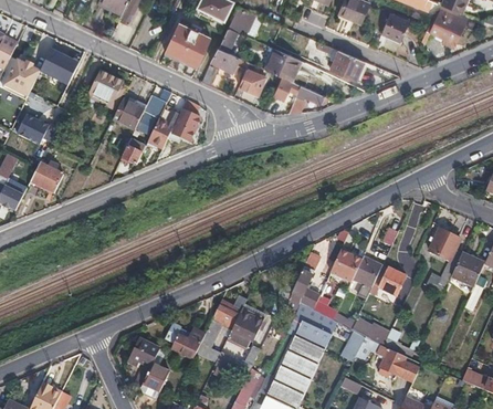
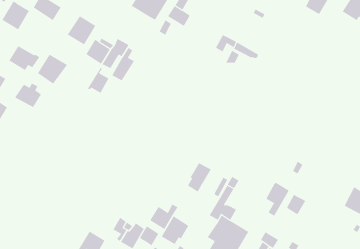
building: [265,50,301,82] -> none
building: [332,51,365,81] -> none
building: [239,63,264,95] -> none
building: [172,98,201,138] -> none
building: none -> [37,54,68,85]
building: [429,230,462,293] -> none
building: none -> [187,163,212,192]
building: [332,249,363,281] -> none

